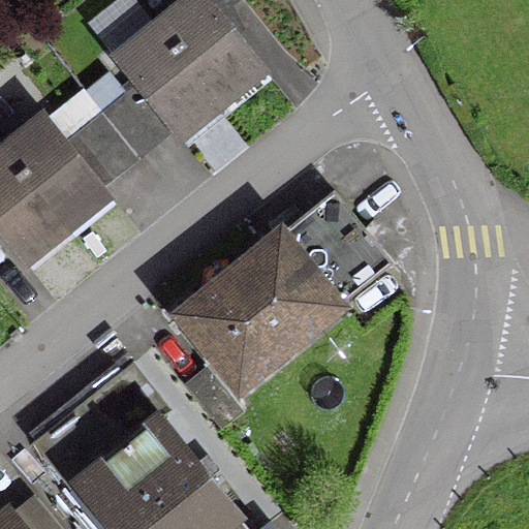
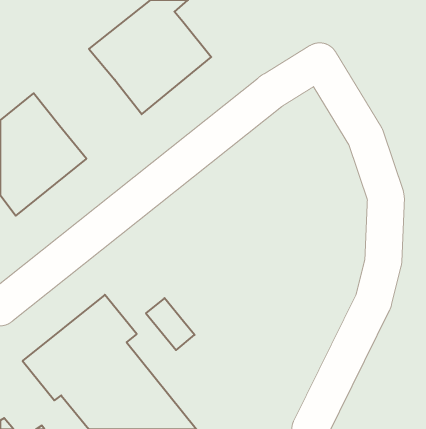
building: [76,95,160,178] -> none
building: [180,192,392,388] -> none

